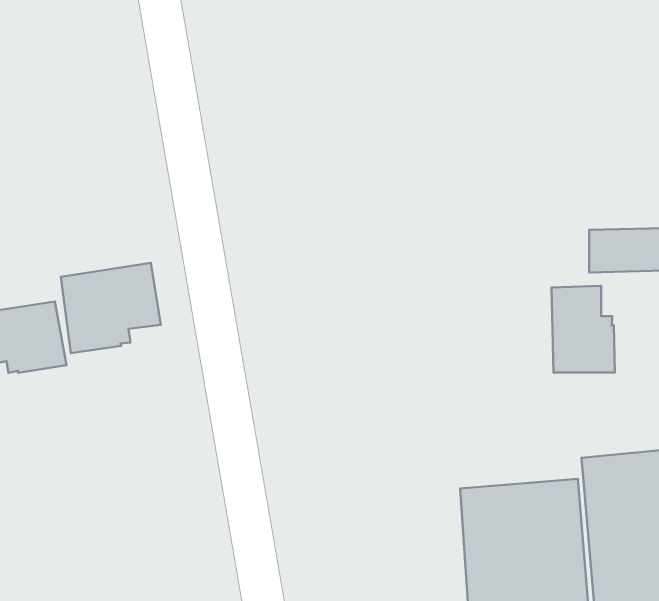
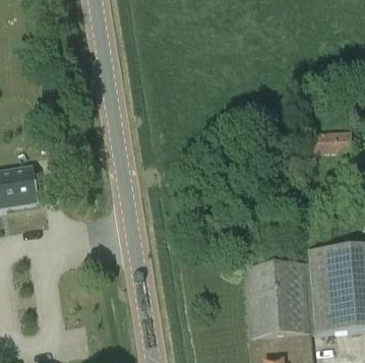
building: [61,263,161,353] -> none
building: [551,286,615,372] -> none

